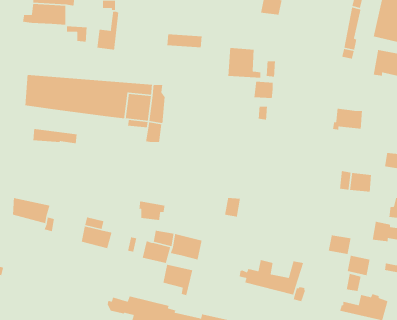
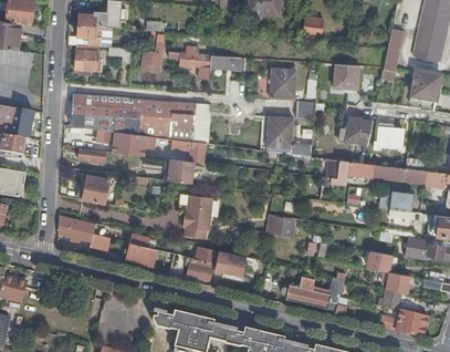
building: none -> [75,44,100,74]
building: none -> [180,46,211,79]
building: none -> [334,63,359,89]
building: none -> [266,116,312,157]
building: none -> [344,116,373,144]
building: none -> [100,130,153,147]
building: none -> [167,158,196,184]
building: none -> [331,159,422,185]
building: none -> [83,175,109,204]
building: none -> [184,195,212,222]
building: [162,264,193,296] -> none

